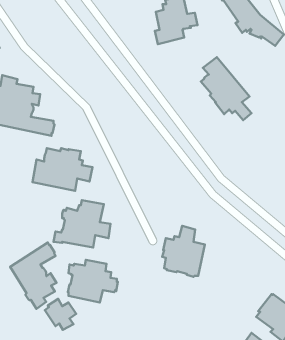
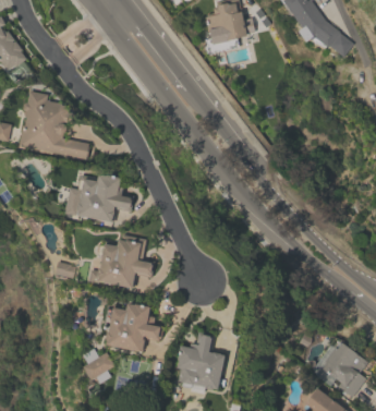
building: [201,57,252,120] -> none
building: [162,226,205,277] -> [175,331,225,390]
building: [10,243,56,309] -> none

